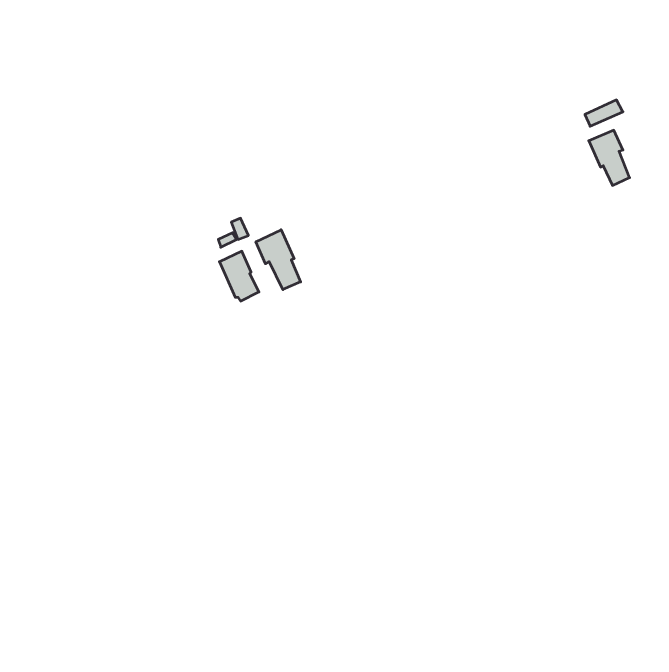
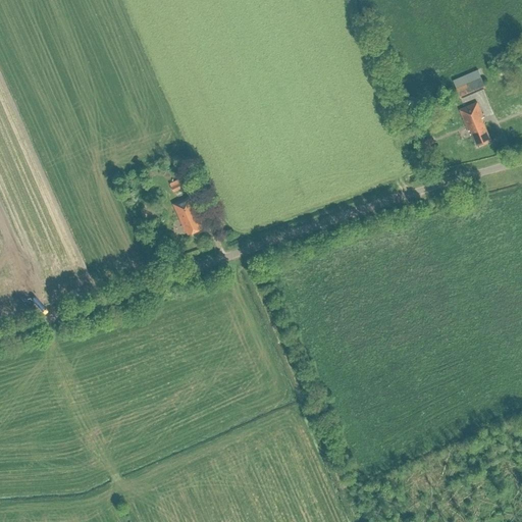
building: [256,230,301,290] -> none

